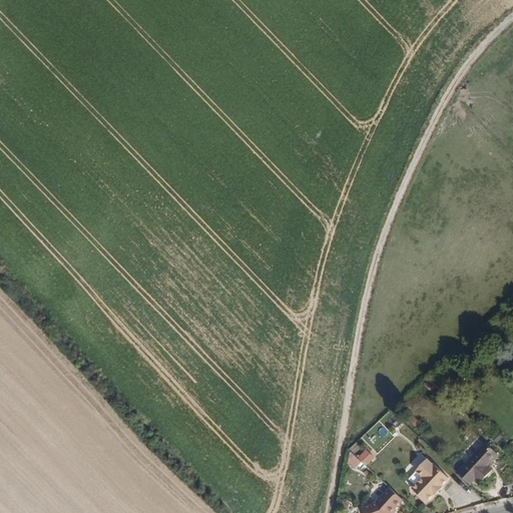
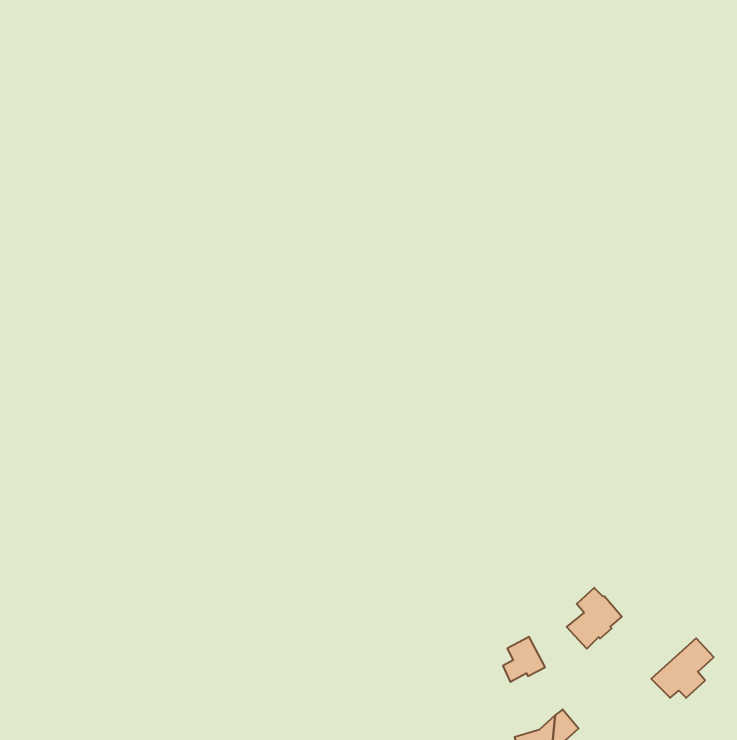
building: [407,460,445,502] -> [567,588,622,649]

